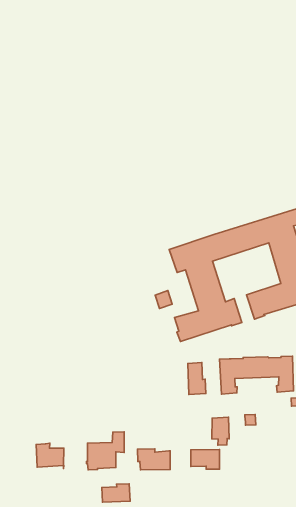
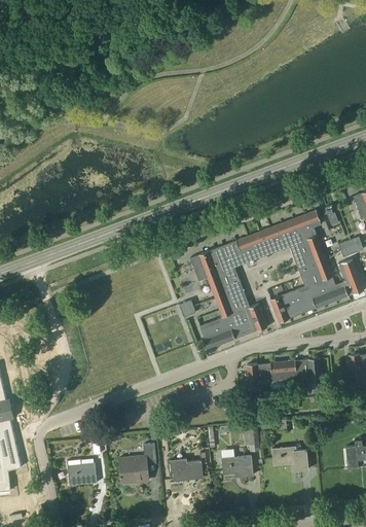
building: [188,363,206,395] -> none
building: none -> [271,447,307,471]
building: [102,484,130,502] -> none

